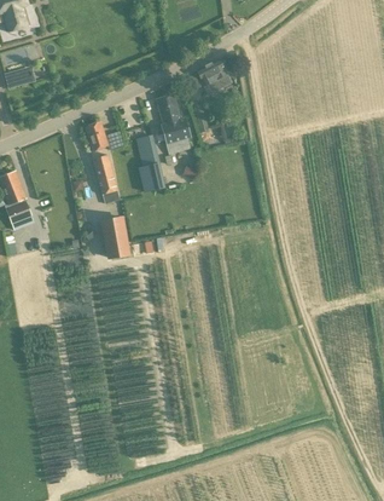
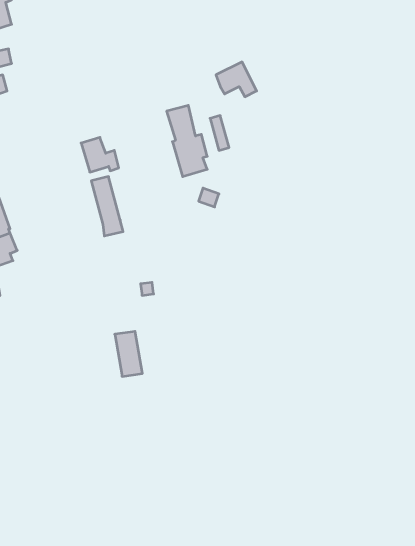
building: [136,134,164,191] -> none
building: [105,219,128,257] -> [115,331,142,376]

